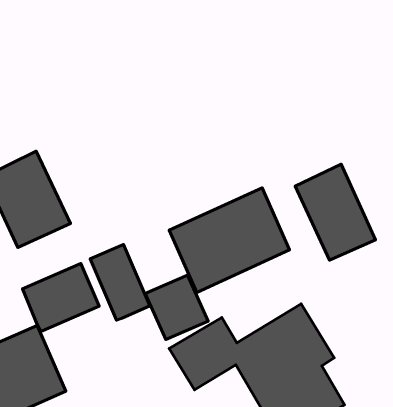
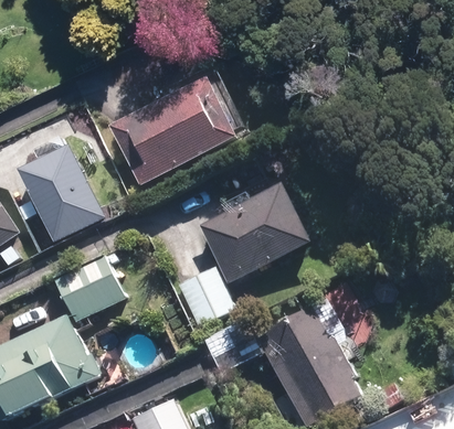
building: none -> [109,75,242,186]
building: [295,164,376,260] -> none
building: [90,245,150,320] -> none

